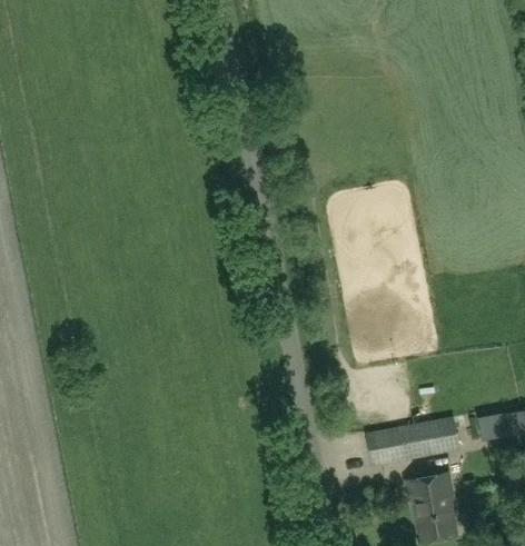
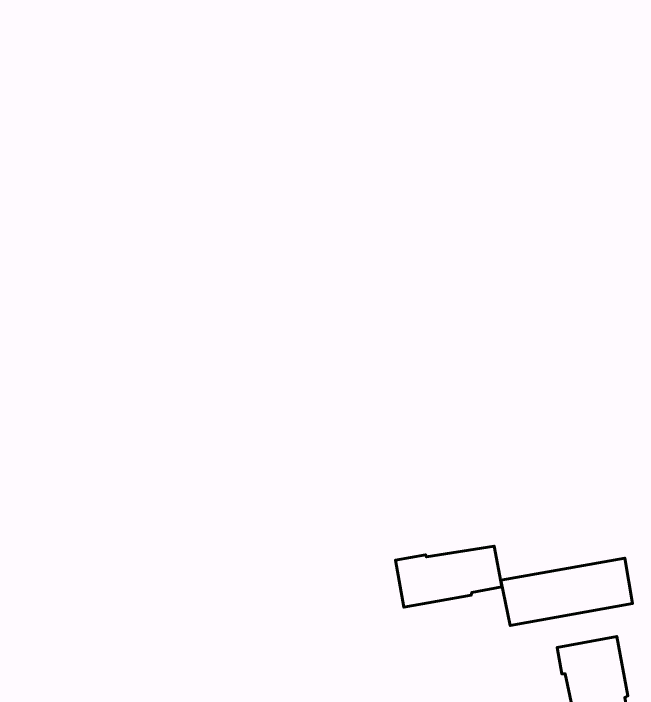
building: none -> [396,546,502,607]

